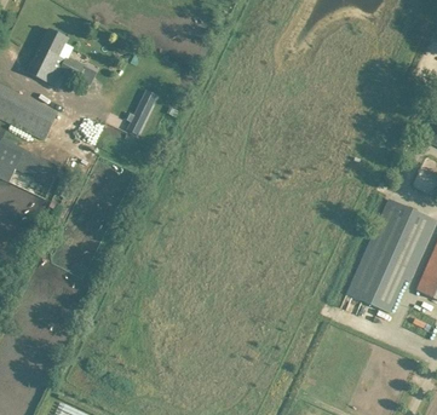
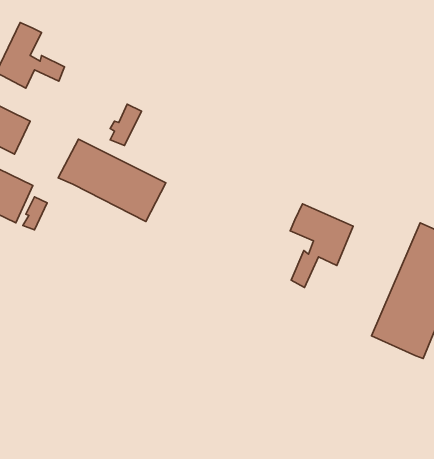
building: none -> [58,139,166,222]
building: none -> [290,204,353,288]

